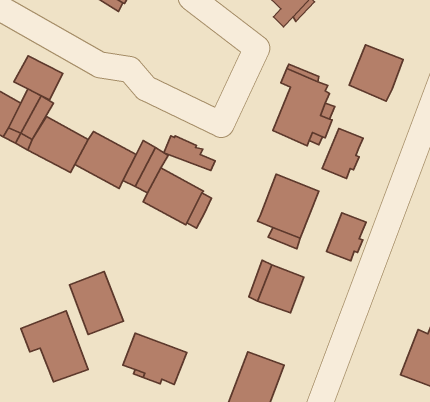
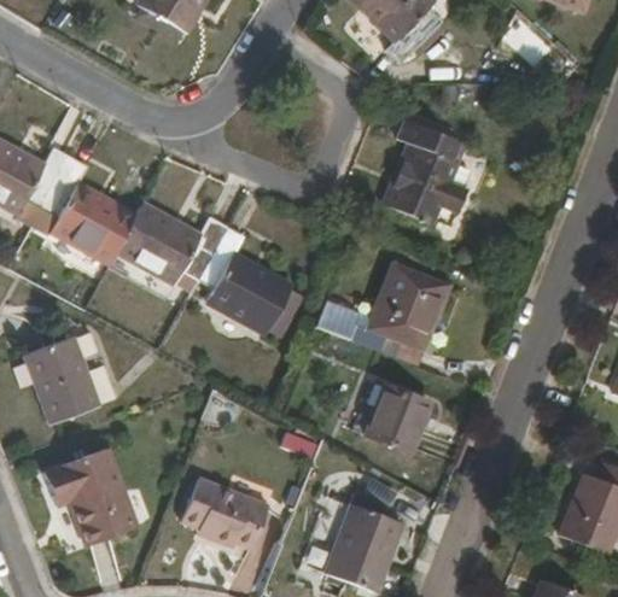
building: [349,45,403,101] -> none
building: [14,56,63,100] -> none
building: [322,128,363,178] -> none
building: [164,136,215,170] -> [315,302,385,349]
building: [326,213,366,261] -> none
building: [69,272,124,335] -> [24,338,98,423]

